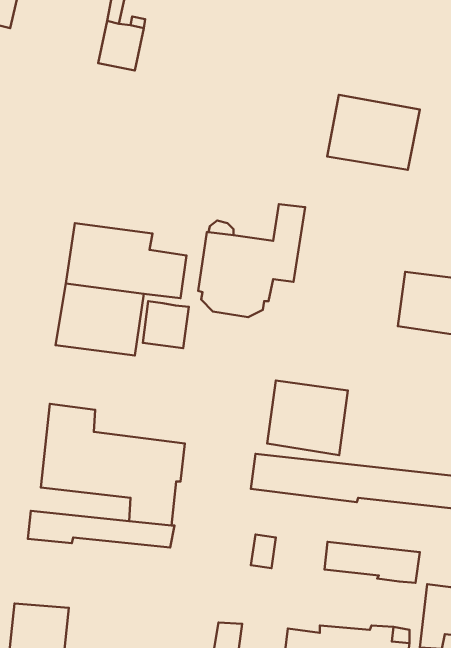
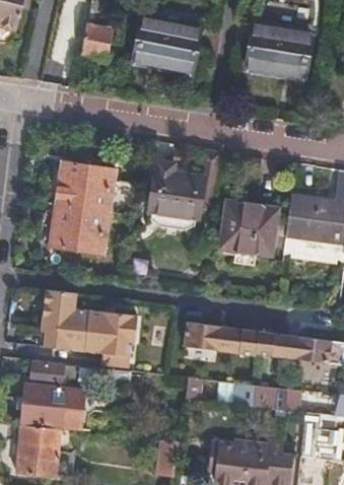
building: none -> [133,17,198,68]
building: [327,95,420,170] -> [248,25,312,77]
building: [143,301,189,348] -> none
building: [267,380,348,455] -> [220,202,276,254]
building: none -> [22,383,89,429]

